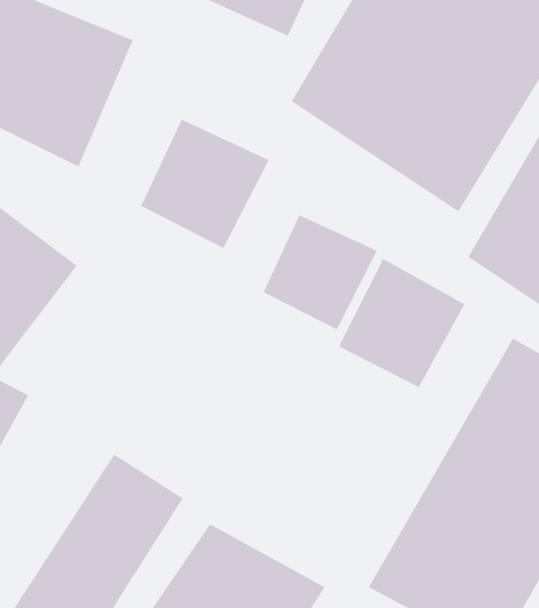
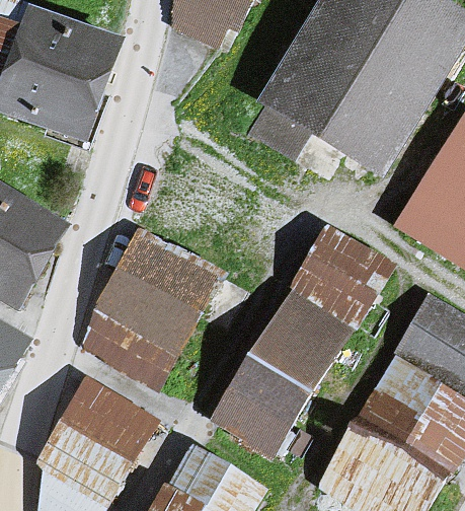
building: [140,119,270,249] -> none
building: [263,215,378,330] -> none
building: none -> [85,235,215,381]
building: none -> [206,297,353,465]

